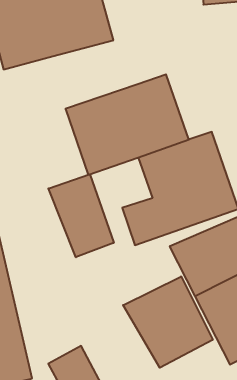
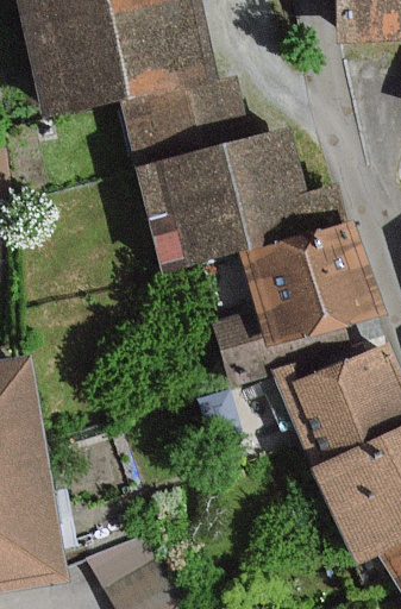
building: none -> [123,77,246,175]
building: [48,174,114,257] -> none
building: [123,276,213,368] -> none

